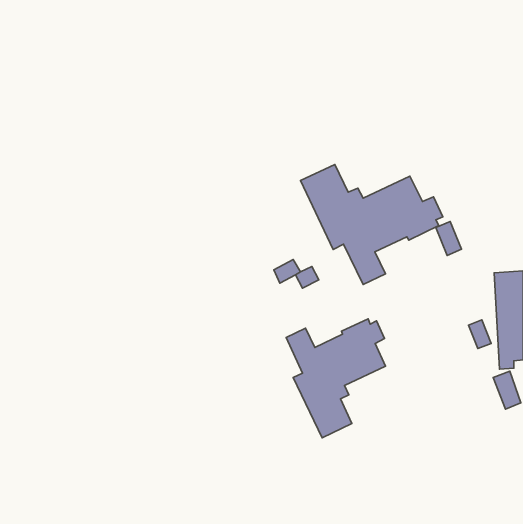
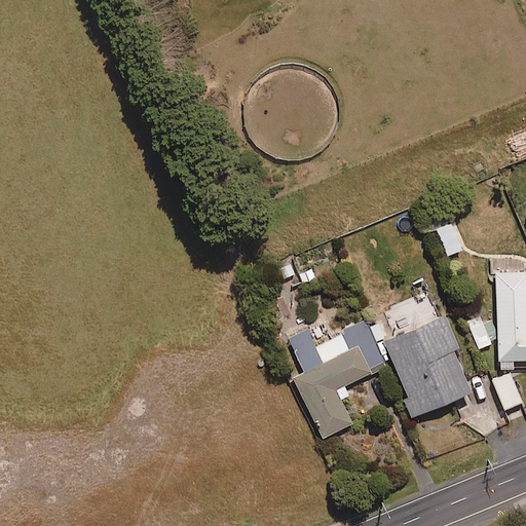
building: [301,165,443,284] -> none
building: none -> [385,317,473,419]

